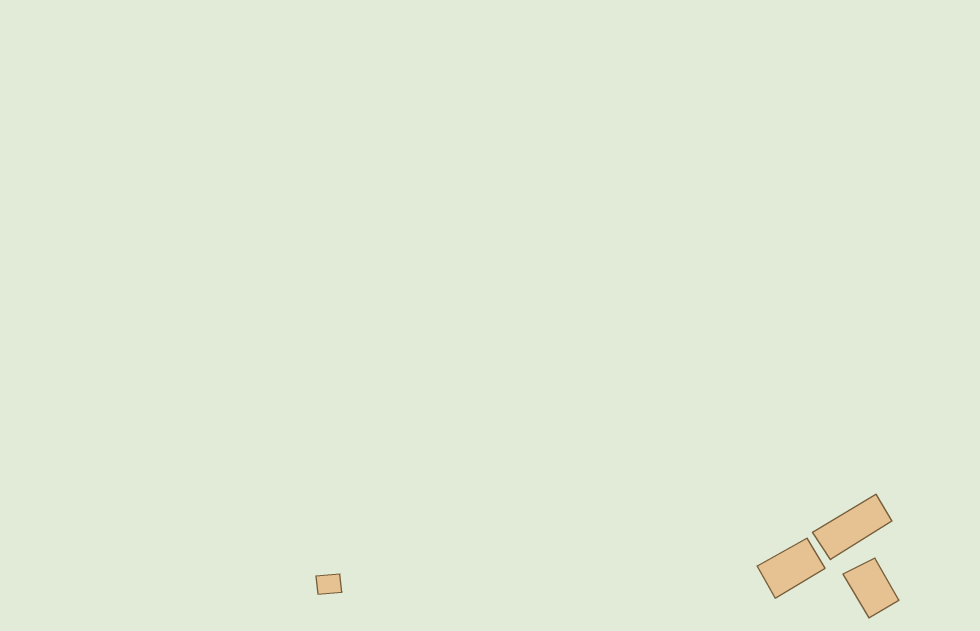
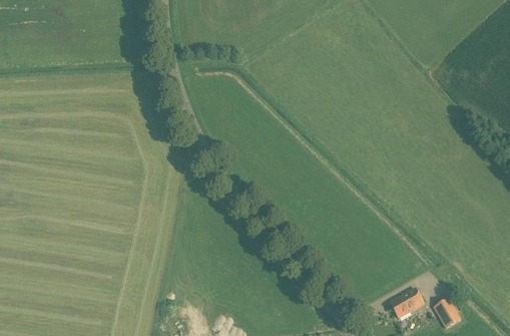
building: [813,494,892,560] -> none

